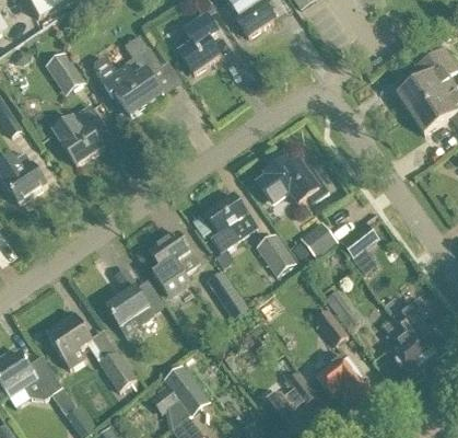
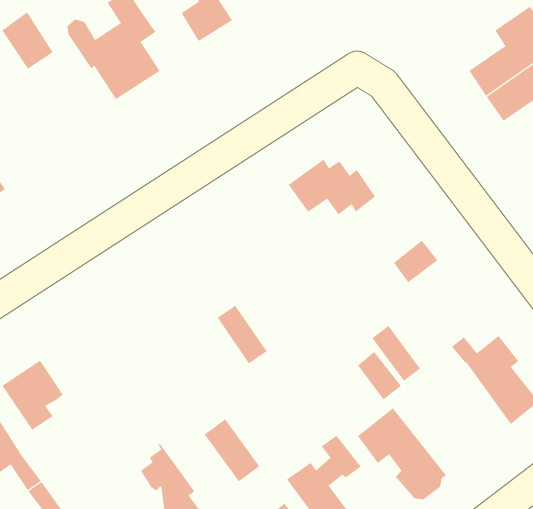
building: [54,104,106,164] -> none
building: [205,193,257,250] -> none
building: [300,220,336,256] -> none
building: [150,231,199,298] -> none
building: [256,232,295,275] -> none
building: [106,266,154,325] -> none
building: [385,315,430,379] -> none
building: [98,349,134,389] -> none
building: [165,365,208,413] -> [204,418,260,482]

